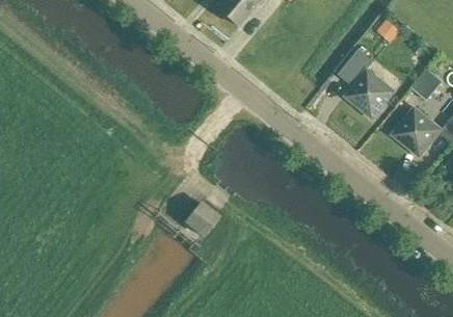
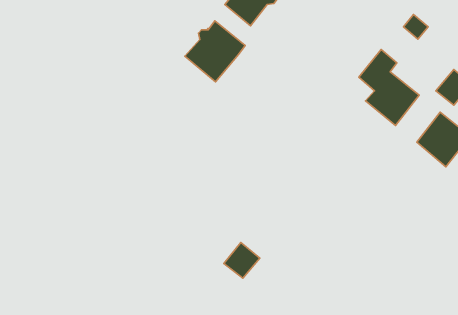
building: none -> [185,21,245,82]
building: [187,203,220,236] -> [224,242,260,278]

